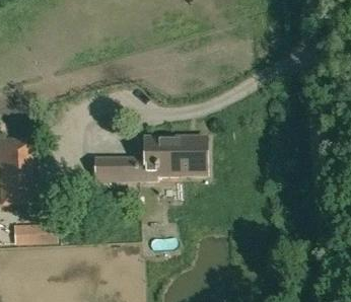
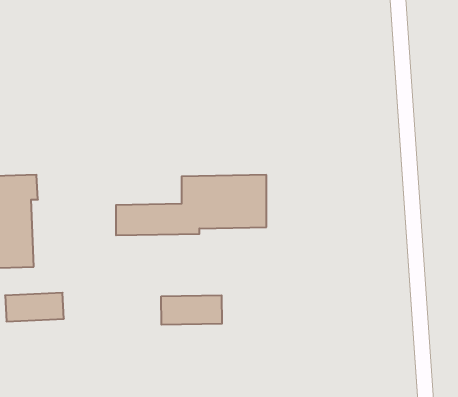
building: none -> [161,295,222,325]

